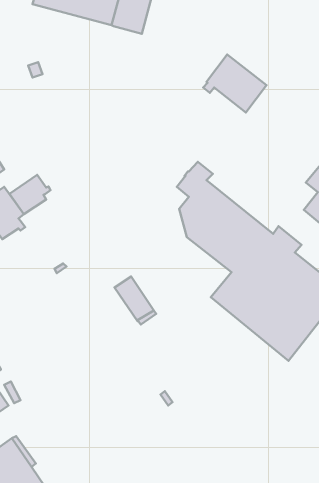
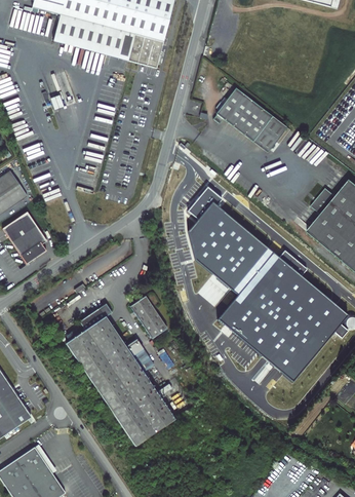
building: none -> [253,116,287,152]
building: [10,175,51,214] -> none
building: none -> [66,308,174,446]

